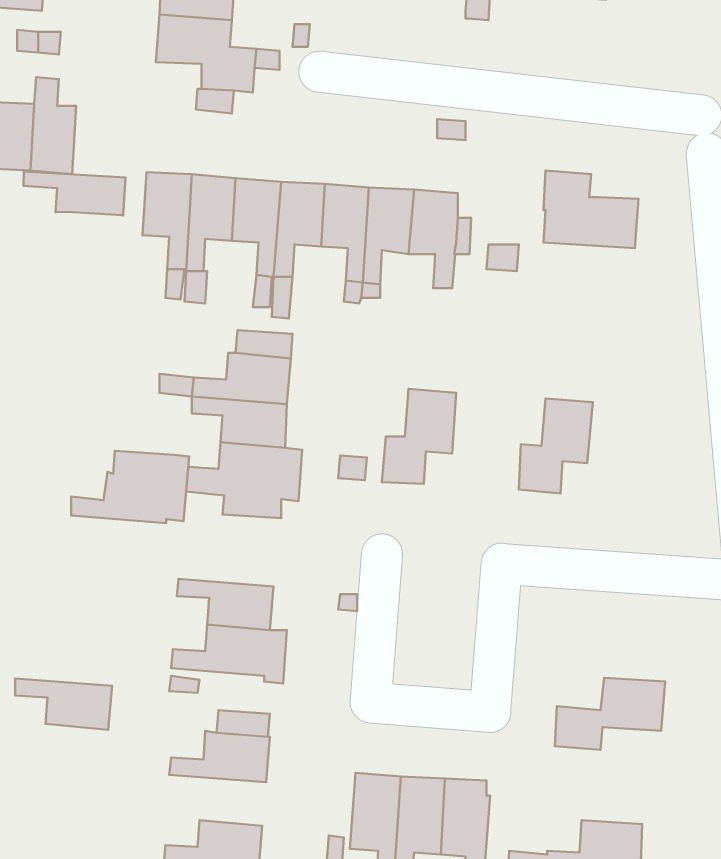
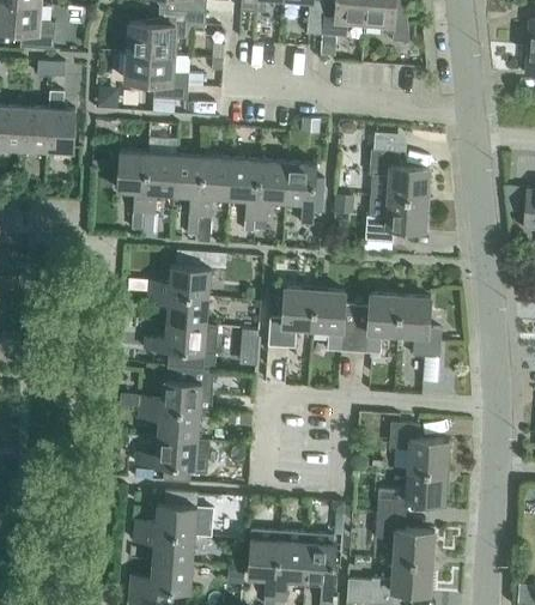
building: [24,171,125,216] -> none
building: none -> [365,196,427,244]
building: none -> [312,291,355,352]
building: none -> [397,297,442,358]
building: [71,451,189,523] -> [140,368,214,413]
building: none -> [389,424,449,473]
building: [15,678,112,730] -> [134,532,195,564]
building: none -> [376,514,434,563]

